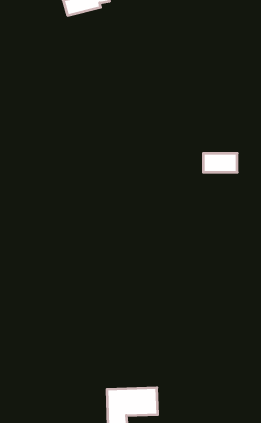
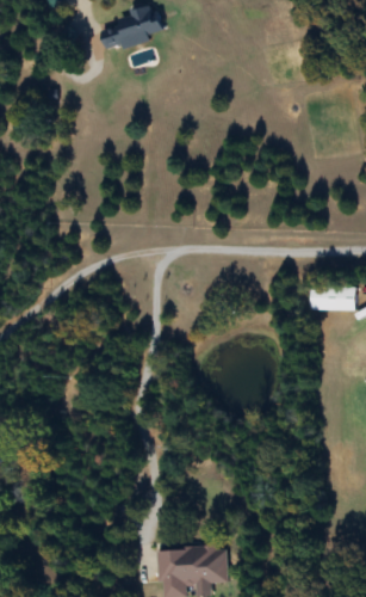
building: [203,153,237,172] -> [312,287,358,312]

